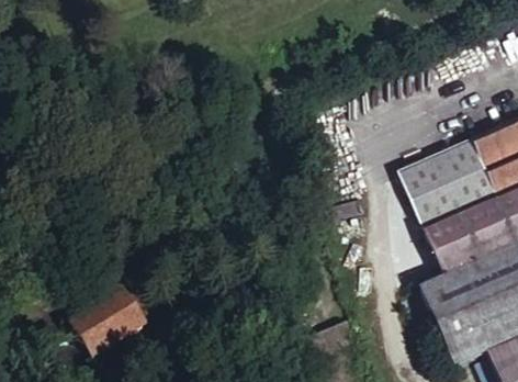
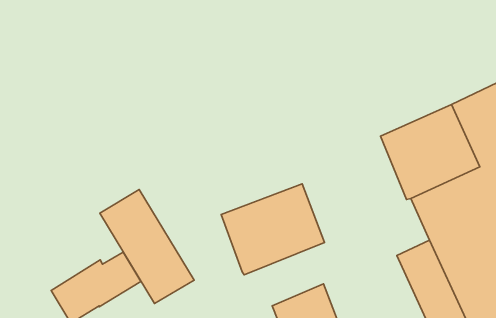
building: none -> [221,184,325,275]
building: none -> [100,190,194,304]

